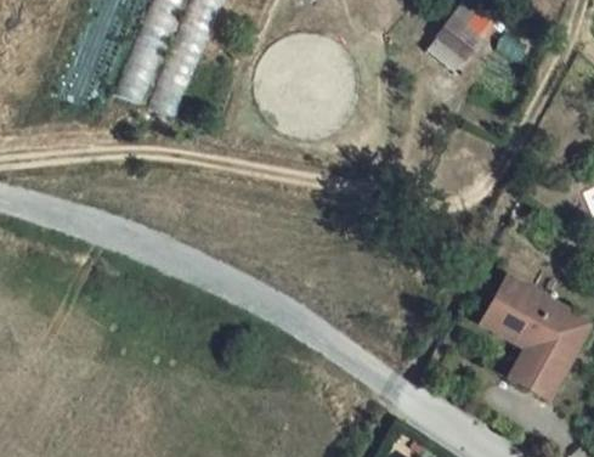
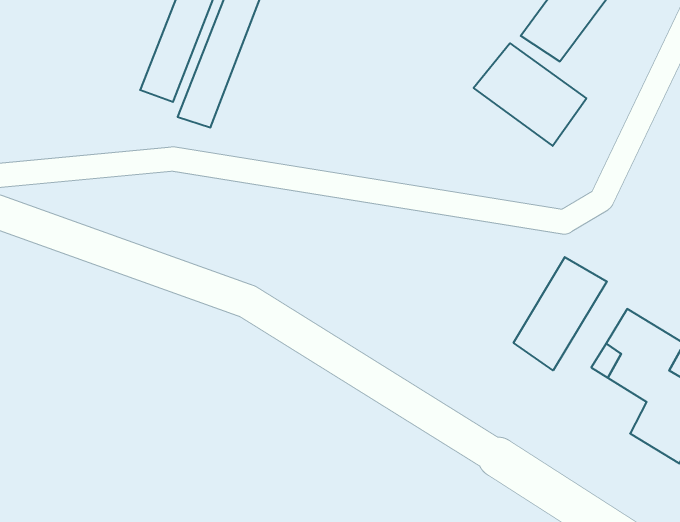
building: none -> [474,43,586,146]
building: none -> [514,257,607,370]

